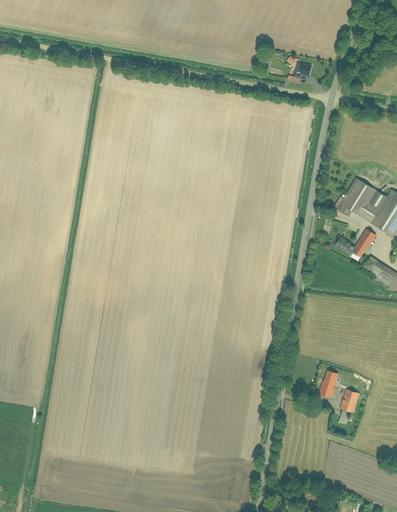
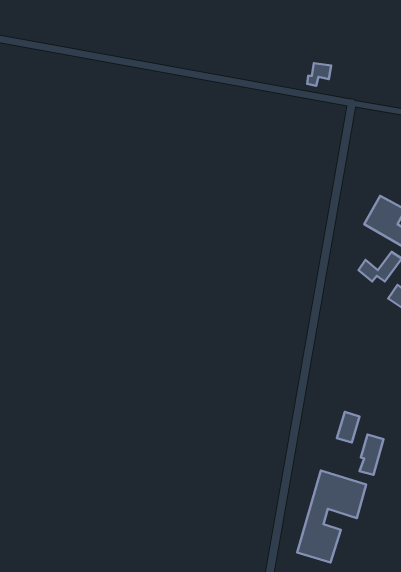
building: none -> [297,471,366,563]

